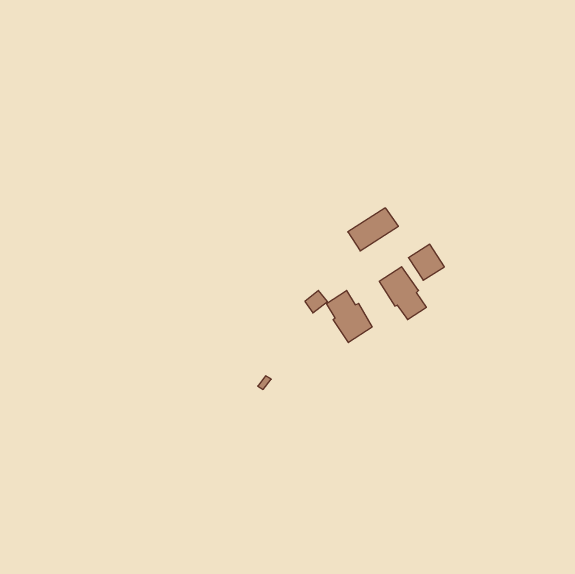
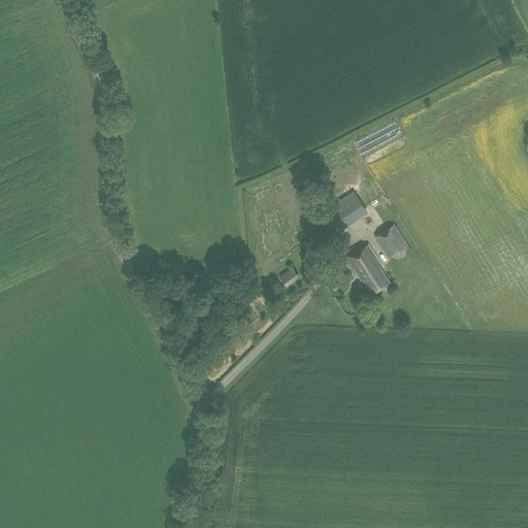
building: [326,290,372,343] -> none

